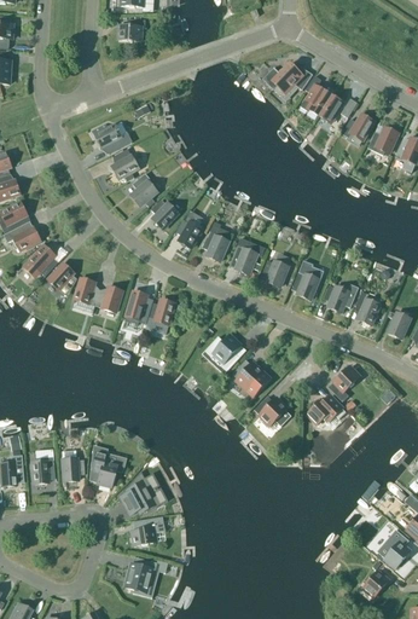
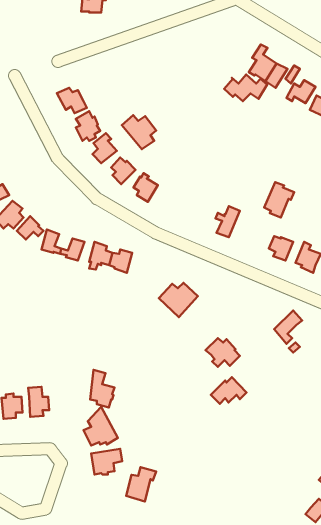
building: [265,64,312,93] -> [224,75,267,101]
building: none -> [122,115,156,149]
building: [202,222,233,261] -> none
building: [228,238,265,274] -> none
building: [291,261,324,300] -> [264,182,294,218]
building: [234,359,268,395] -> none
building: [307,395,346,424] -> [211,377,246,404]
building: [89,446,116,487] -> [90,370,115,407]
building: [124,556,157,594] -> [126,467,156,501]

